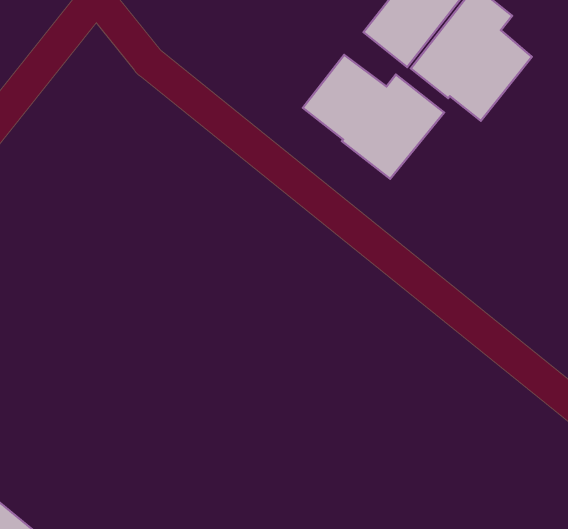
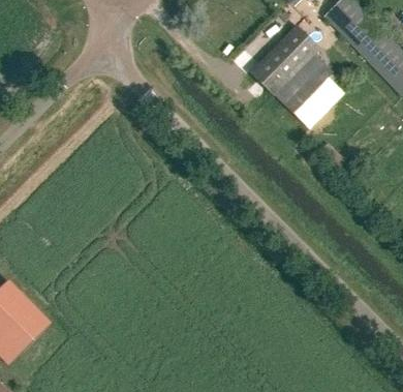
building: [303,55,444,179] -> none

